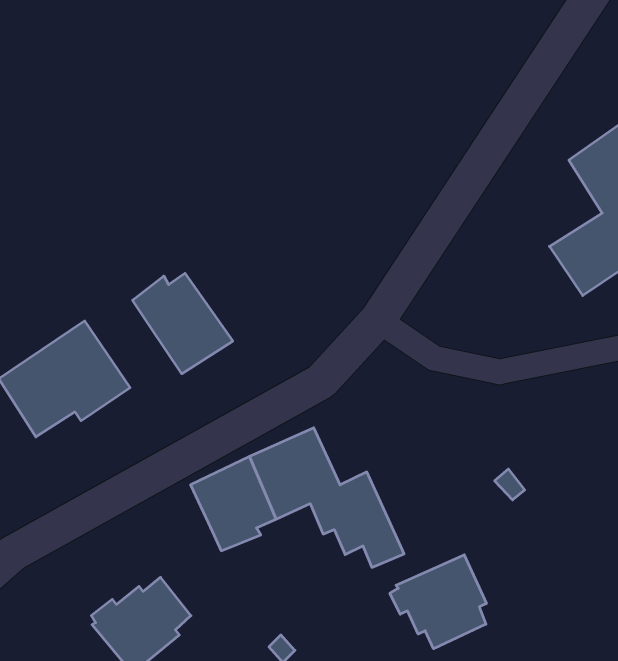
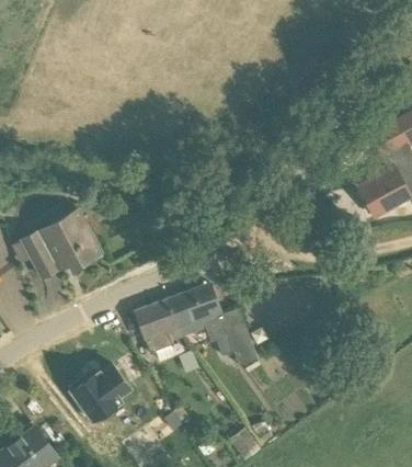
building: [133,273,233,374] -> none
building: [390,555,486,649] -> none

